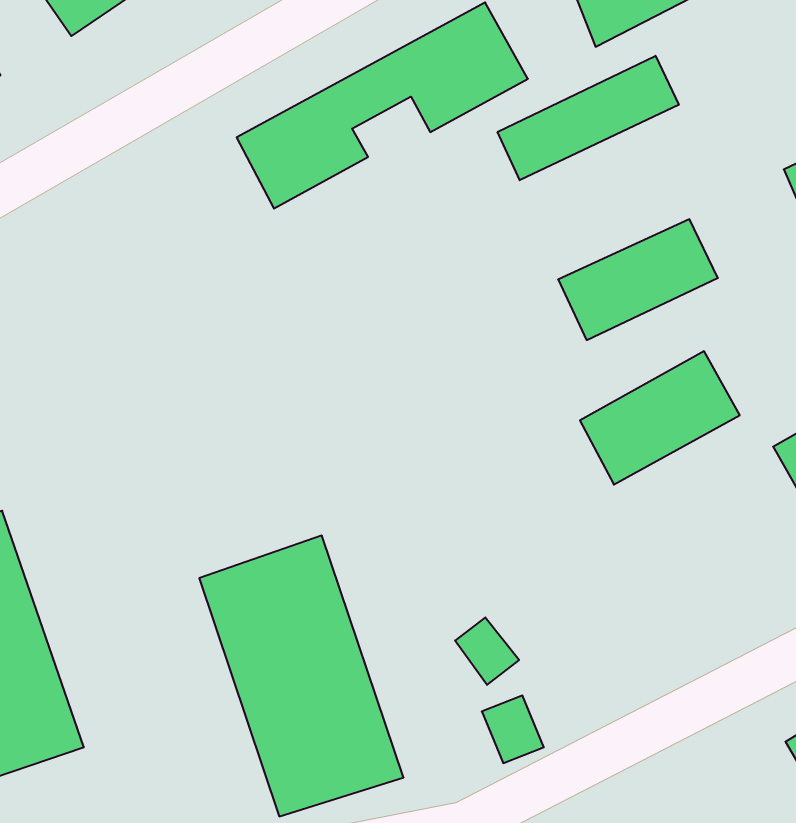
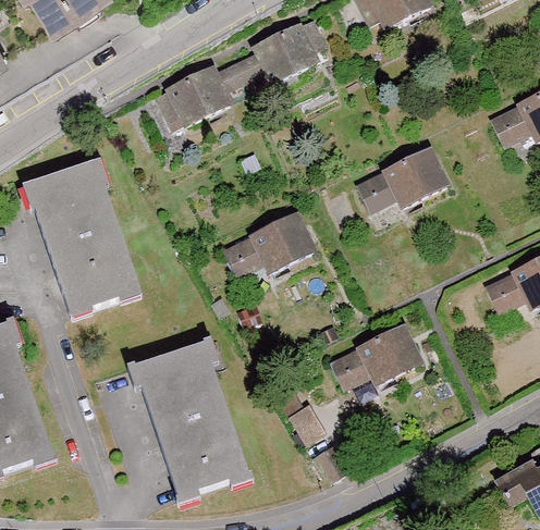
building: [498,56,679,180] -> none
building: none -> [26,159,146,335]
building: none -> [219,206,320,289]
building: [580,351,740,485] -> [327,320,425,402]

